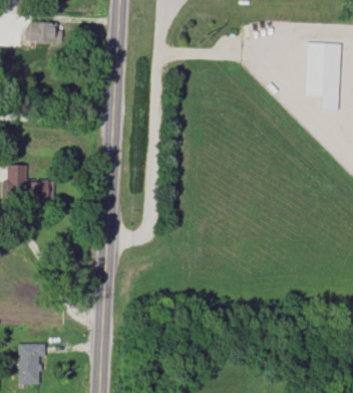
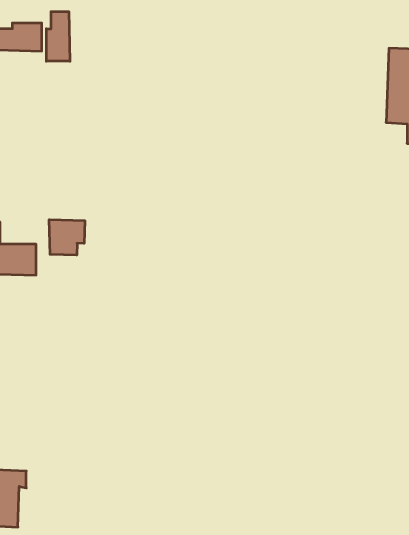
building: none -> [46,12,70,61]
building: none -> [49,220,85,255]

